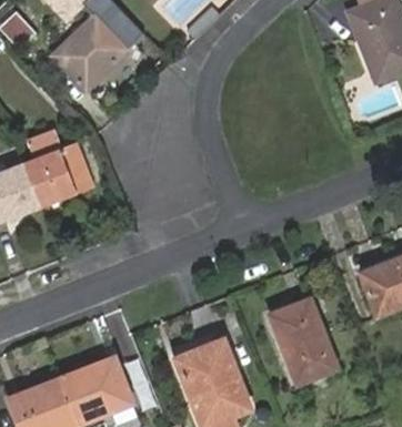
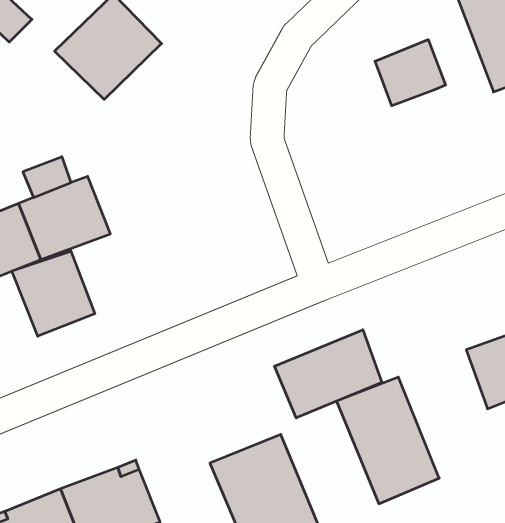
building: none -> [375,40,446,106]
building: none -> [12,251,95,336]
building: none -> [275,330,382,418]

